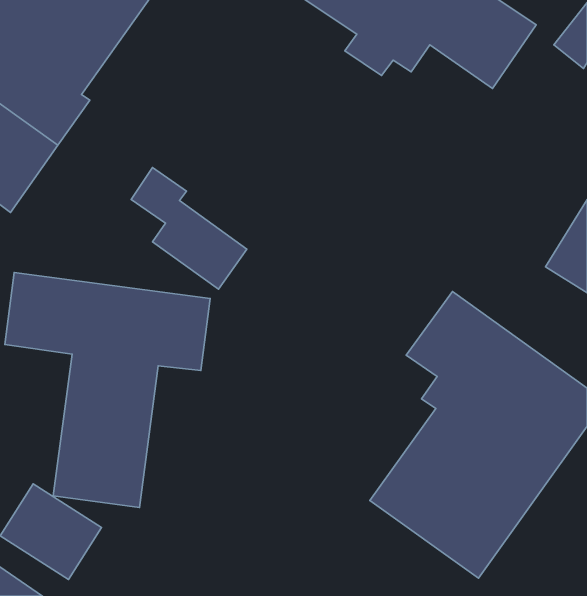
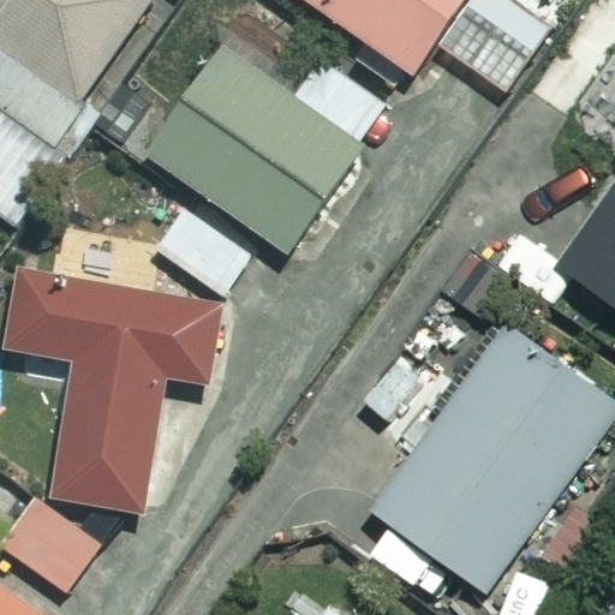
building: none -> [153,48,390,255]

